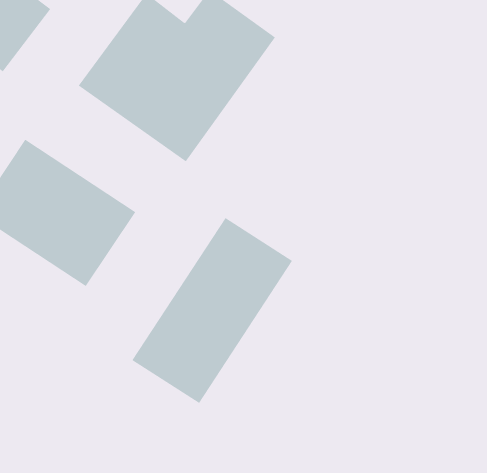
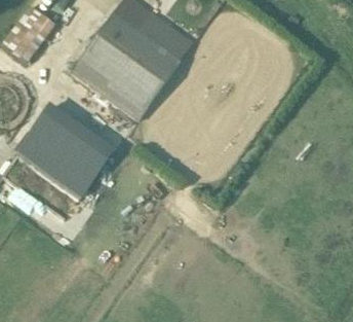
building: [132,217,293,404] -> none

